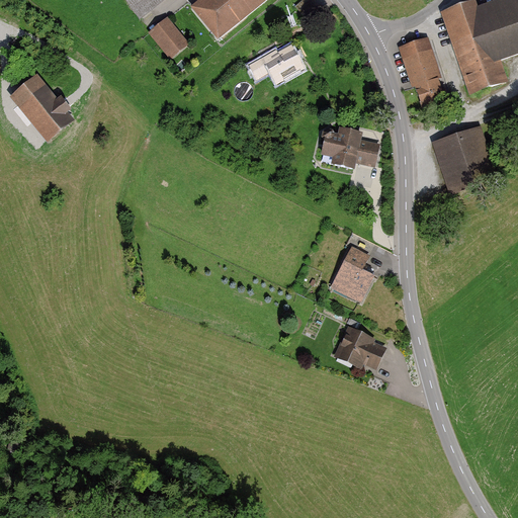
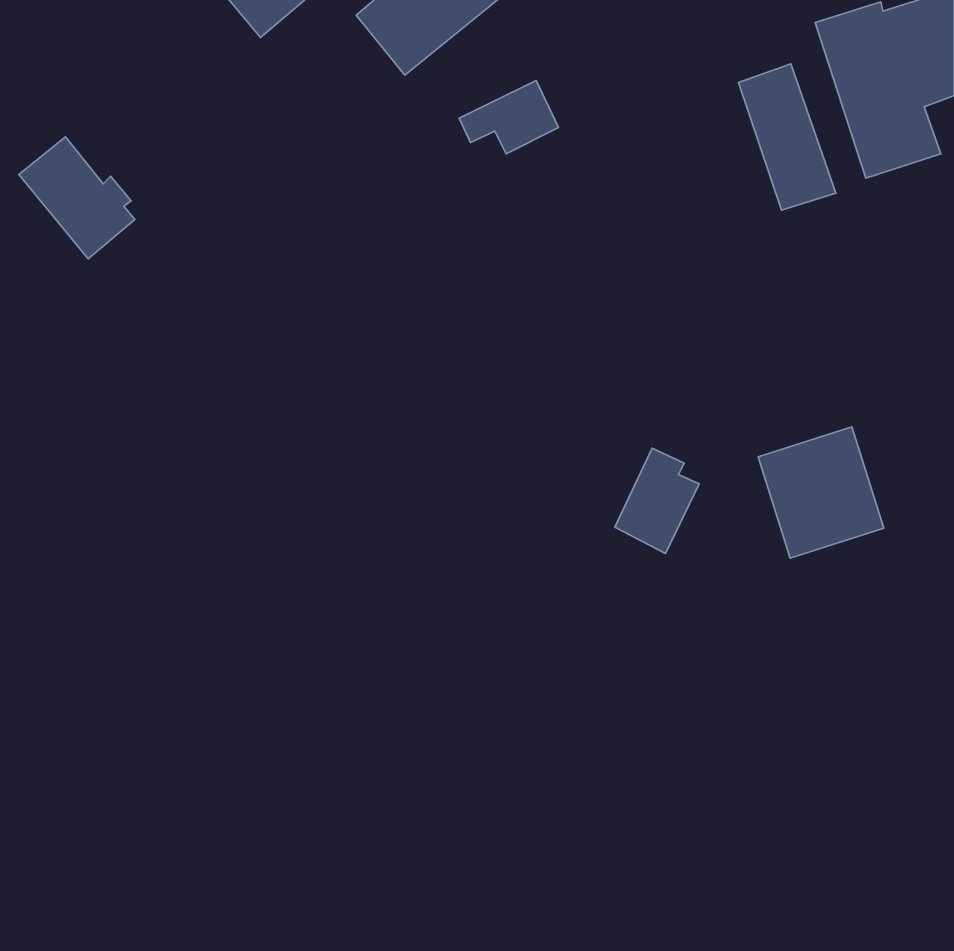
building: [149,16,189,58] -> none
building: [316,121,381,166] -> none
building: [431,123,499,194] -> [758,427,884,558]
building: [330,323,387,369] -> none

